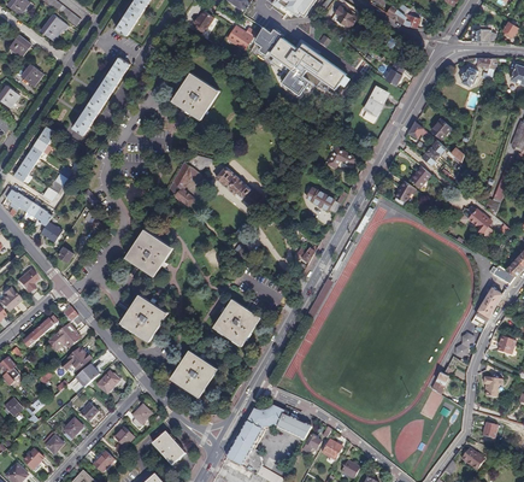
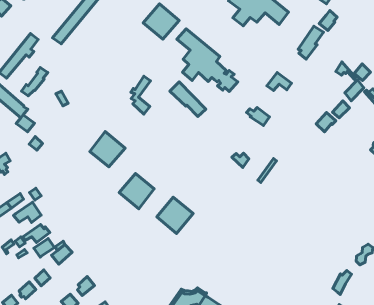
building: none -> [177,29,238,91]
building: [123,296,164,337] -> [119,174,154,209]
building: [172,352,213,393] -> none

